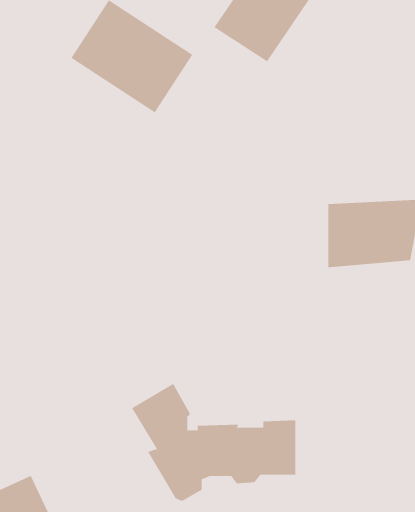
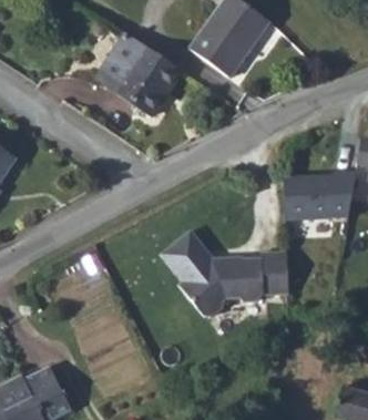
building: [131,383,296,501] -> [171,234,296,324]

